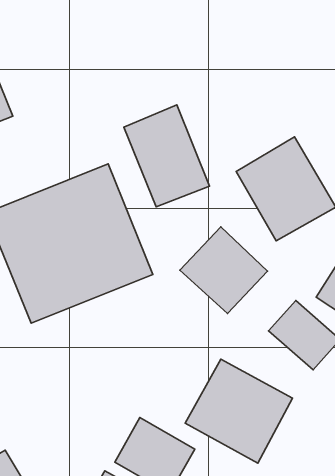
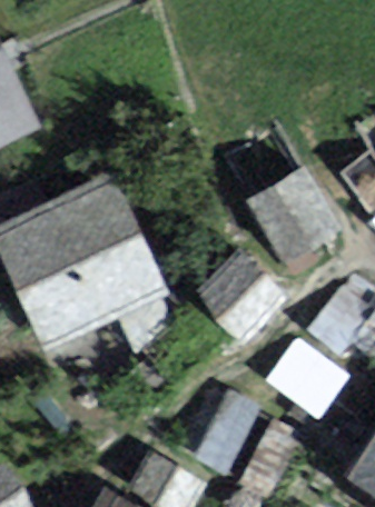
building: [124,105,209,207] -> none

